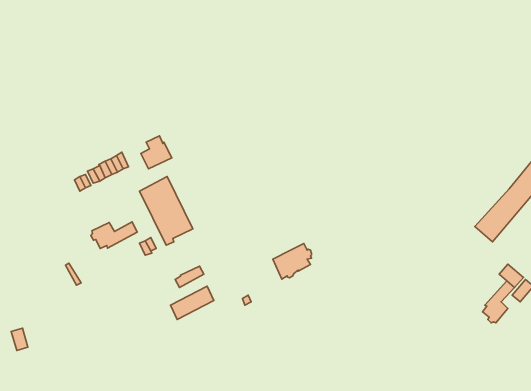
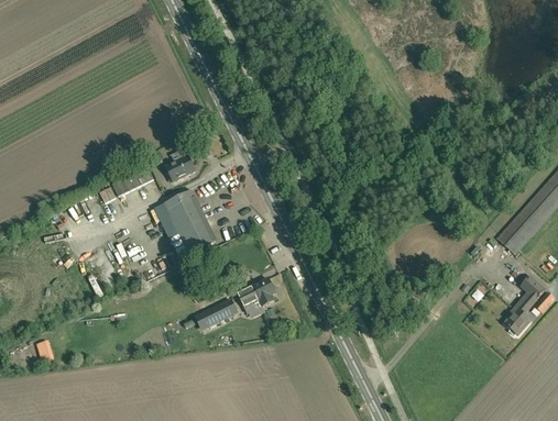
building: [91,222,137,248] -> none
building: [273,244,312,279] -> [237,278,275,313]

